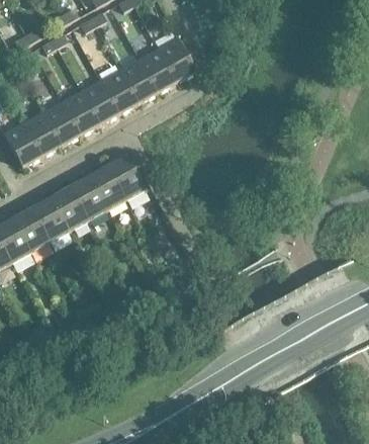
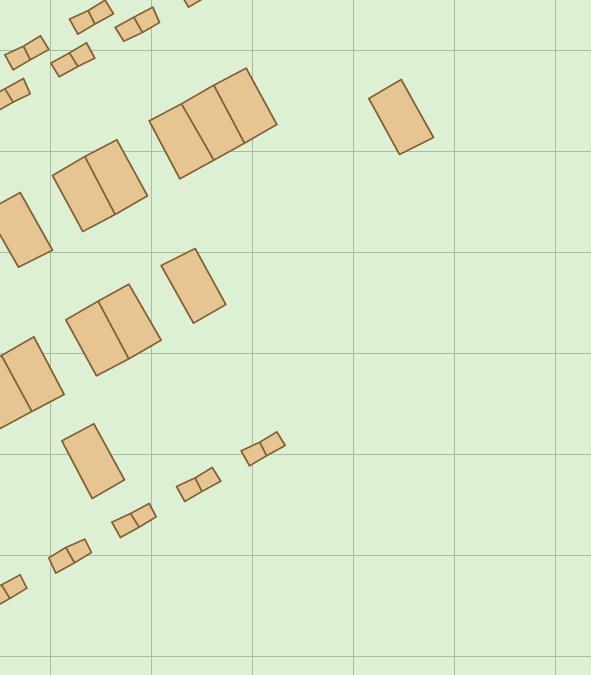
building: [158,36,196,81] -> [369,80,433,154]
building: [81,79,118,123] -> none
building: [23,111,61,156] -> none
building: [88,165,126,209] -> none
building: [31,197,69,242] -> [62,424,125,499]

